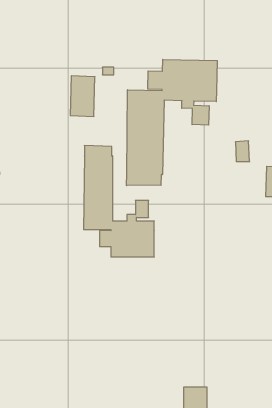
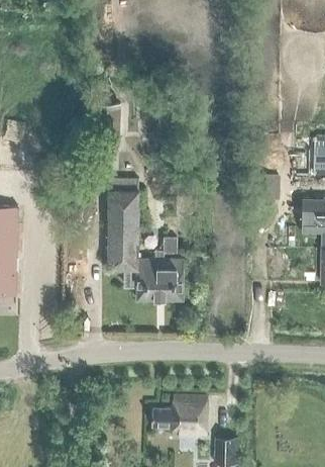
building: [127,59,217,186] -> none
building: none -> [150,396,207,437]

